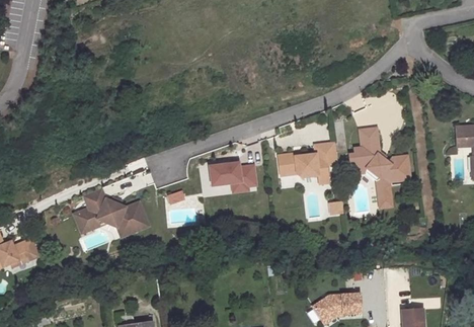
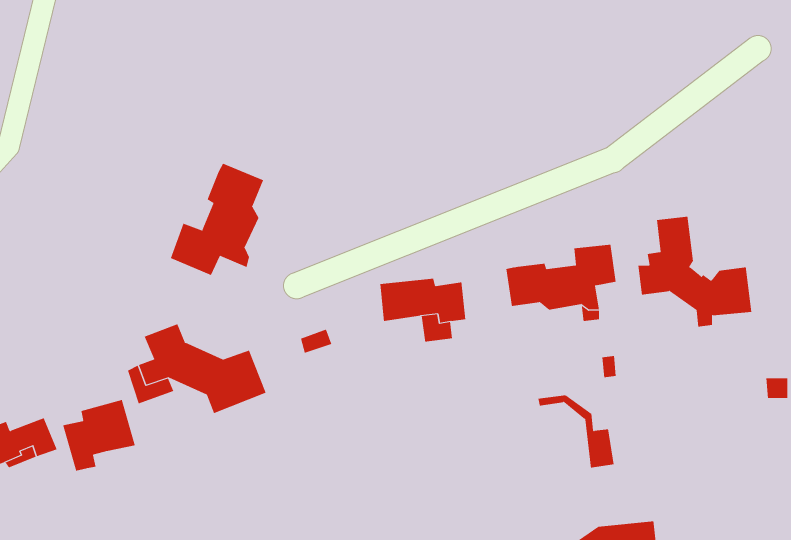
building: none -> [170,163,264,276]
building: [352,167,394,207] -> [537,395,615,468]
building: none -> [62,399,136,472]

